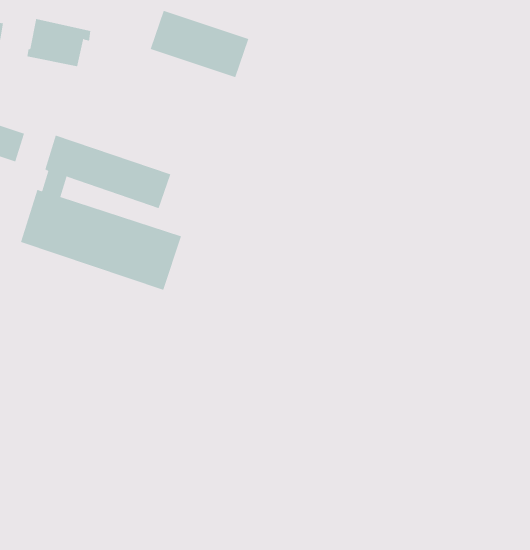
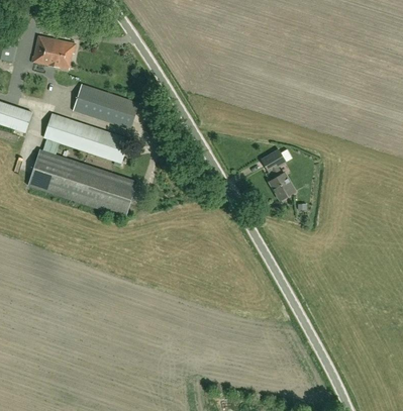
building: [150,10,249,78] -> [73,84,139,129]
building: none -> [261,148,295,199]

